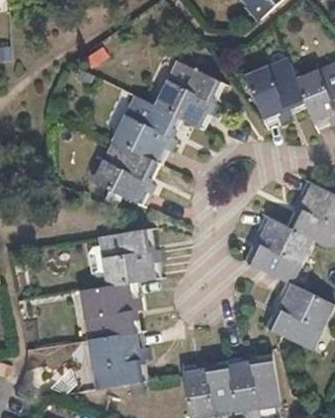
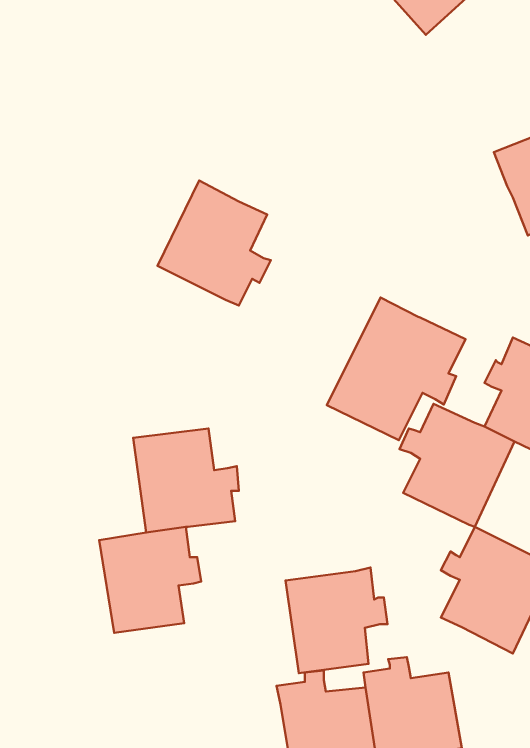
building: [248,63,305,124] -> none
building: [161,64,221,130] -> none
building: [97,144,155,206] -> none
building: none -> [327,298,465,440]
building: [94,333,149,390] -> [286,567,388,673]

